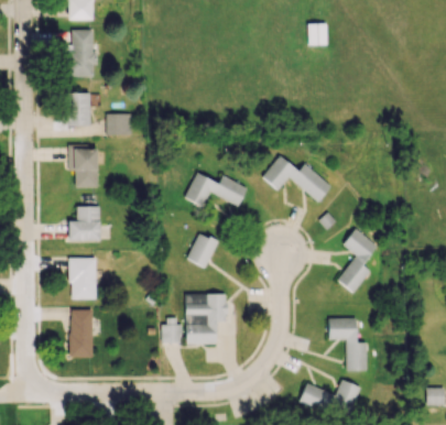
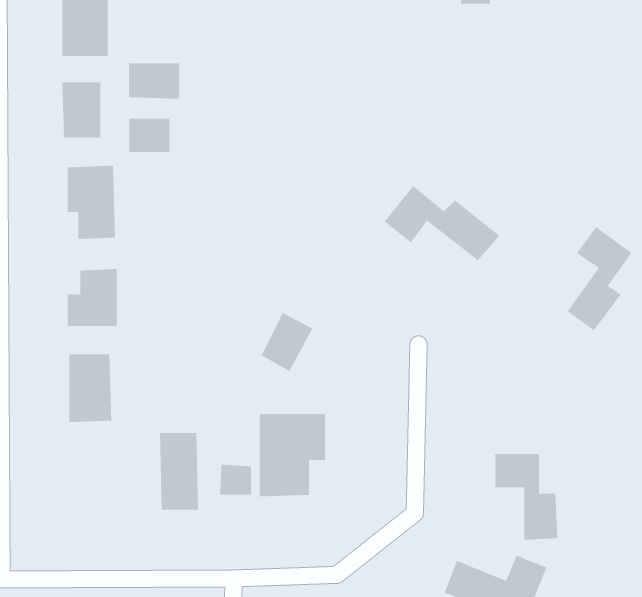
building: none -> [128,63,180,99]
building: [185,173,249,207] -> none
building: [338,229,378,293] -> [567,226,632,331]
building: [69,309,94,357] -> [159,432,199,510]

